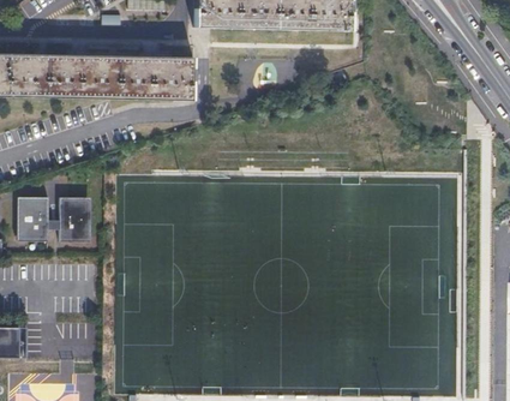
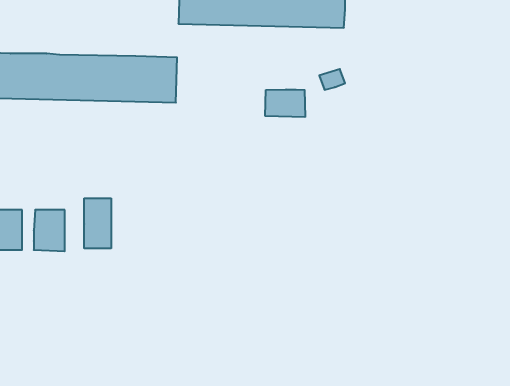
building: none -> [265,89,305,117]
building: none -> [84,198,111,248]

